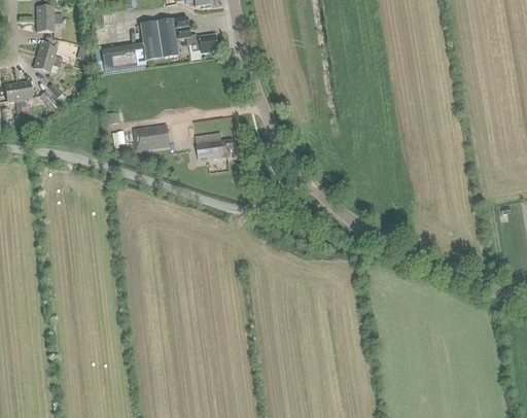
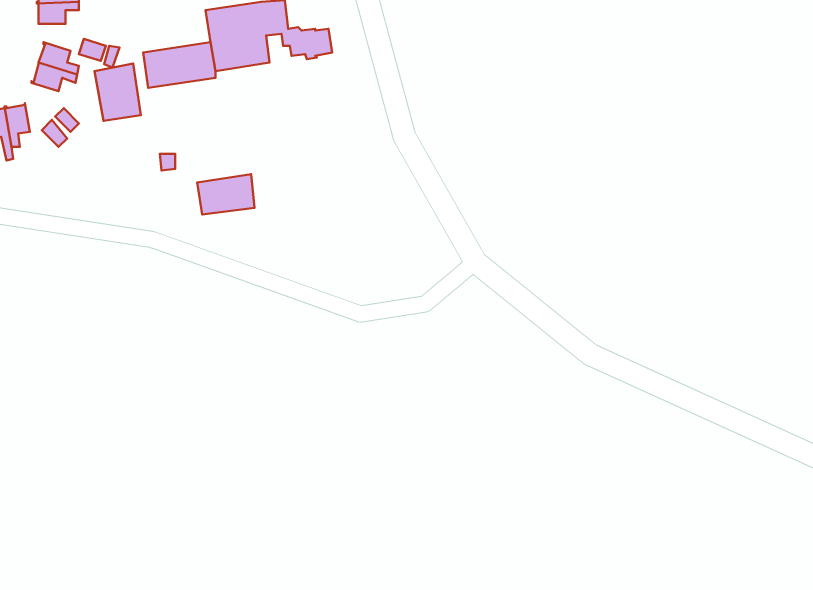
building: none -> [94,64,141,121]
building: [195,132,234,160] -> none

